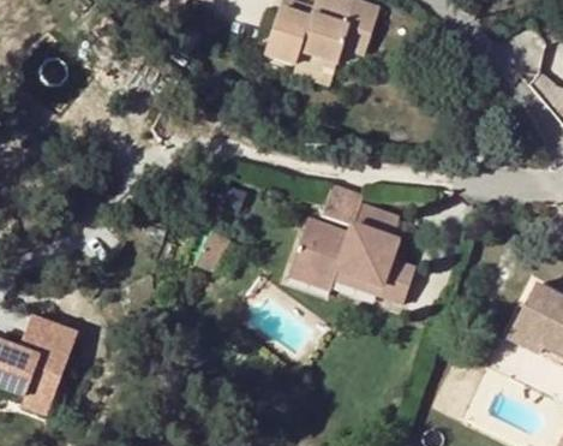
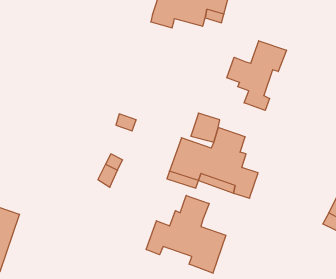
building: none -> [227,41,286,110]
building: none -> [146,195,226,273]

